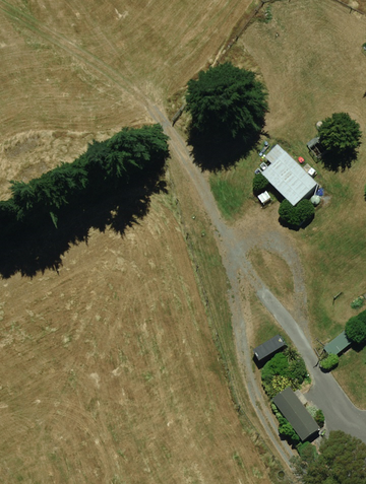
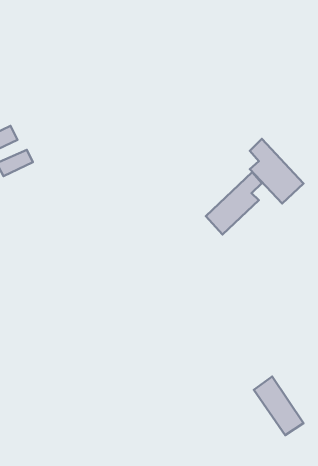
building: none -> [206,172,262,234]

